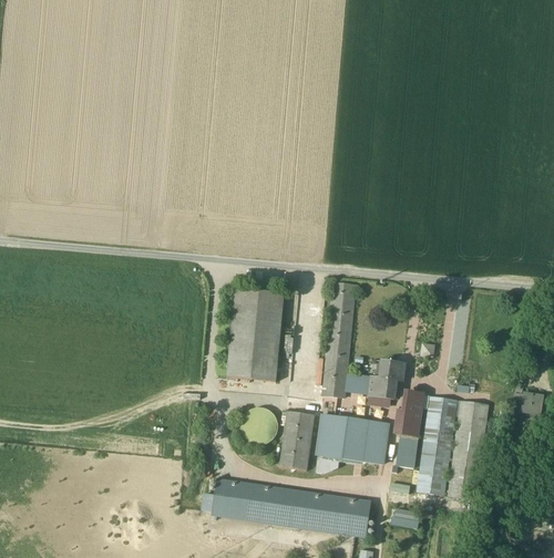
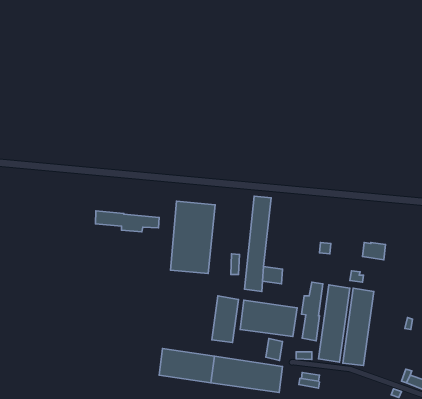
building: none -> [96,211,159,232]
building: [368,361,404,400] -> none
building: [512,393,542,415] -> [362,243,386,260]
building: [240,407,277,445] -> none
building: none -> [266,338,282,360]

